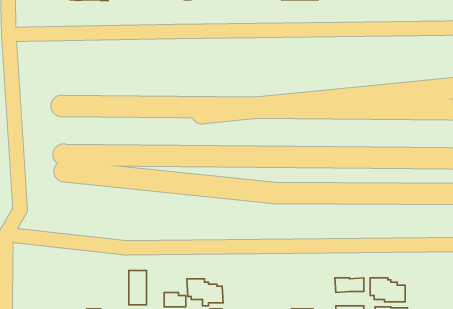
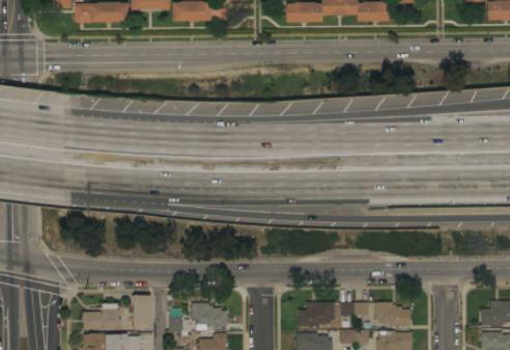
building: none -> [299,301,335,326]
building: none -> [83,302,123,328]

